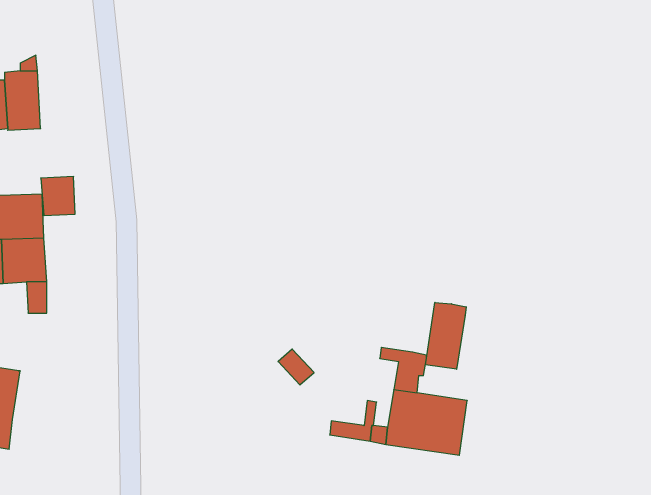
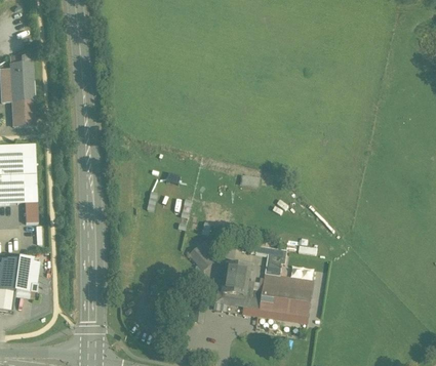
building: [41,177,75,216] -> [11,101,34,127]
building: [426,302,466,369] -> none
building: none -> [14,258,38,295]
building: none -> [223,263,249,296]

